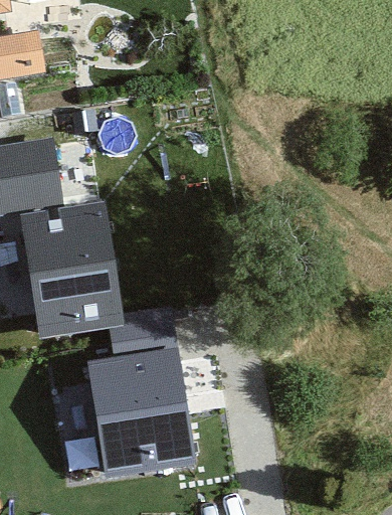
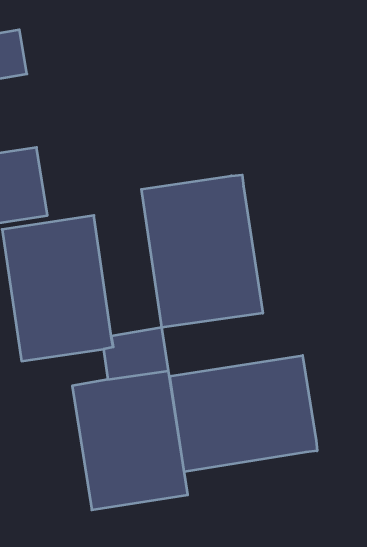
building: none -> [141,175,263,328]
building: none -> [170,355,317,472]

